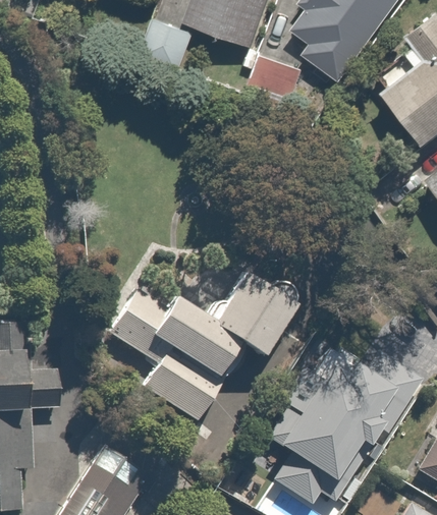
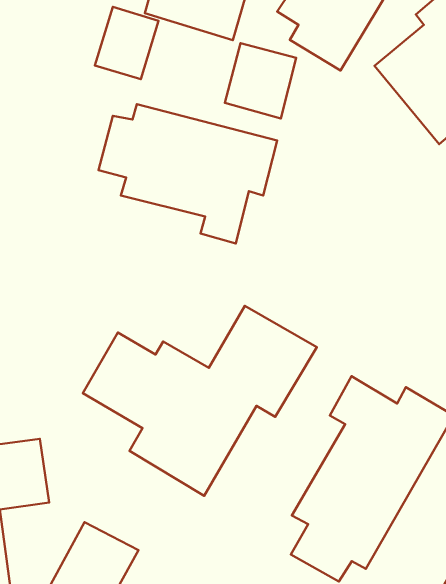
building: none -> [98,104,277,244]

